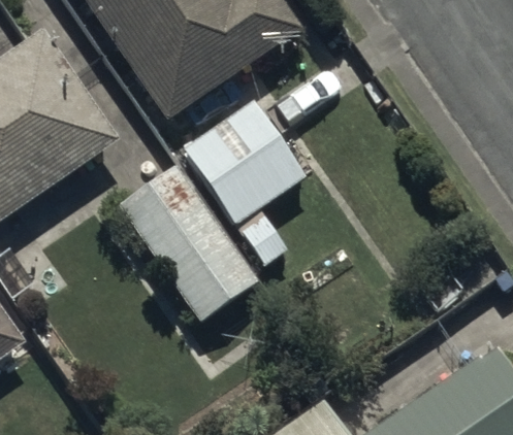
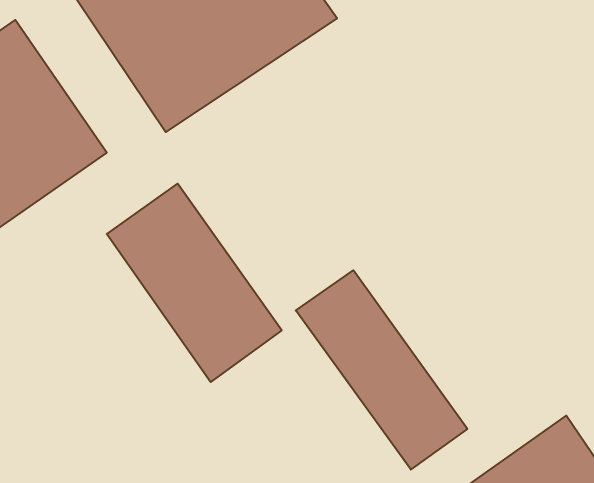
building: [182,100,308,265] -> none
building: none -> [296,270,467,470]

